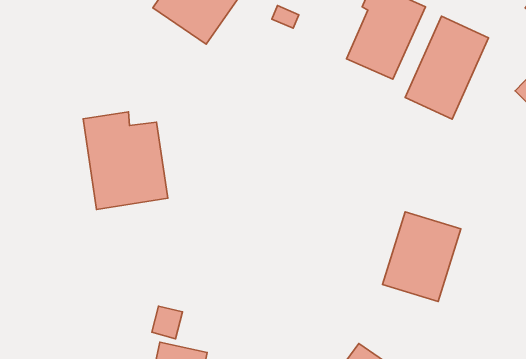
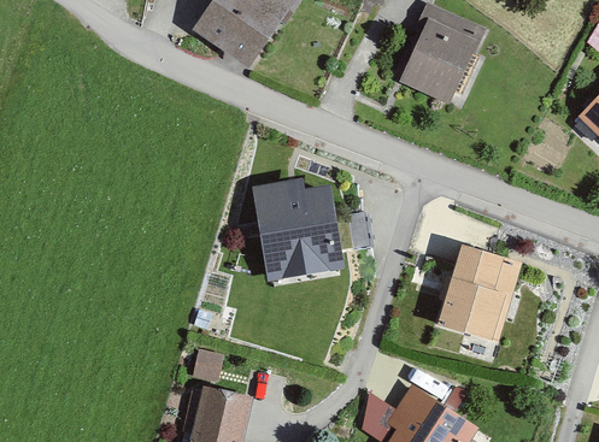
building: [405,16,489,119] -> none
building: [83,112,168,209] -> [253,176,343,279]

